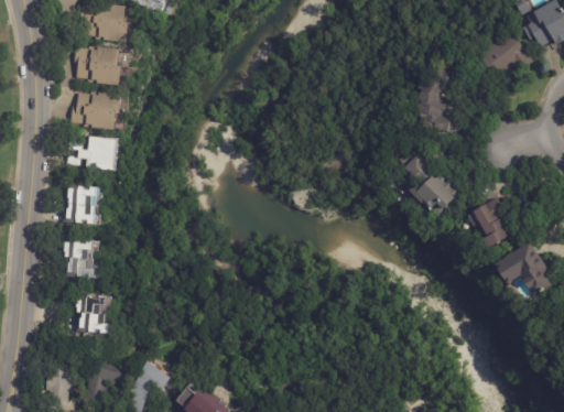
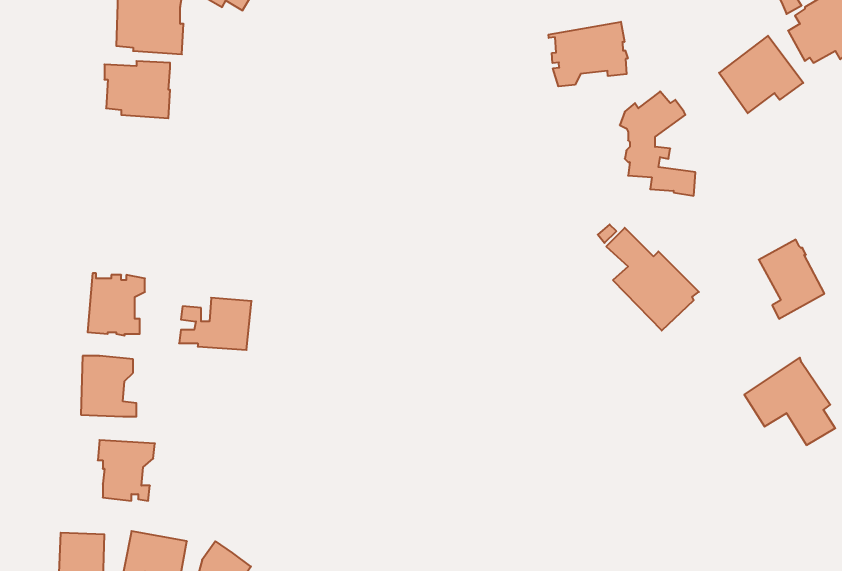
building: none -> [549,22,628,86]
building: [72,91,117,128] -> none
building: [69,137,117,171] -> [179,298,252,350]
building: [474,197,517,249] -> [759,240,824,319]

